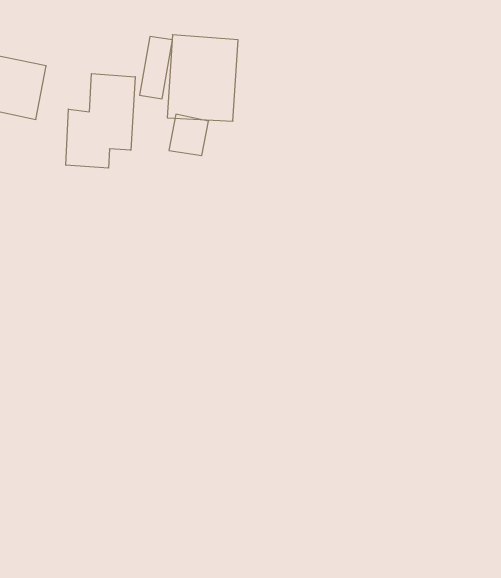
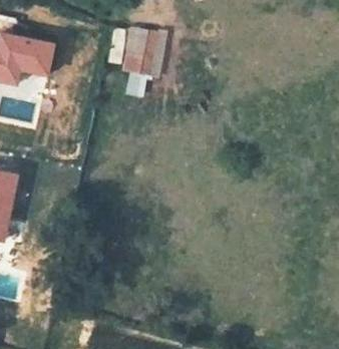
building: [66,74,135,168] -> none

